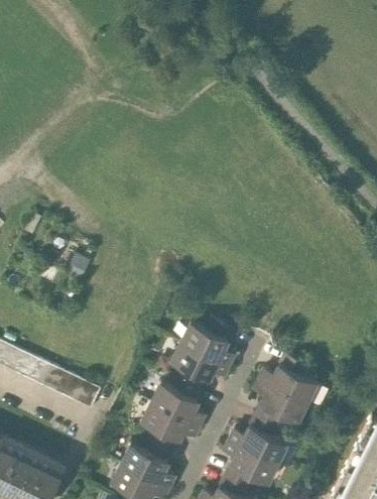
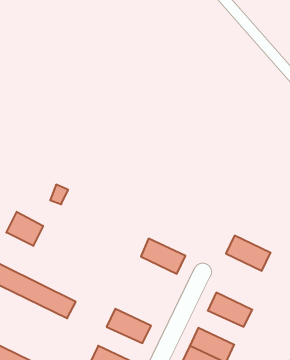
building: none -> [6,212,43,246]
building: [170,339,223,380] -> none
building: [269,360,322,401] -> [226,236,271,271]
building: [150,379,203,420] -> none

